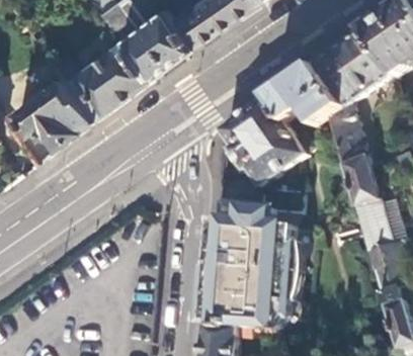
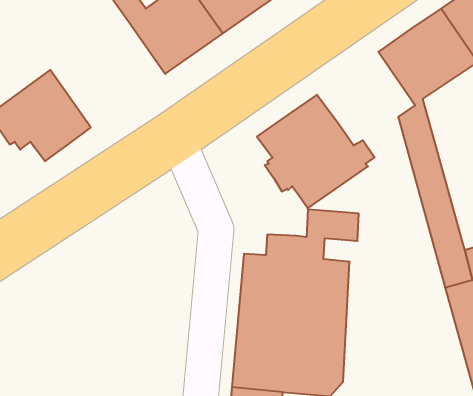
building: [53,39,151,121] -> none
building: [268,63,344,124] -> none

